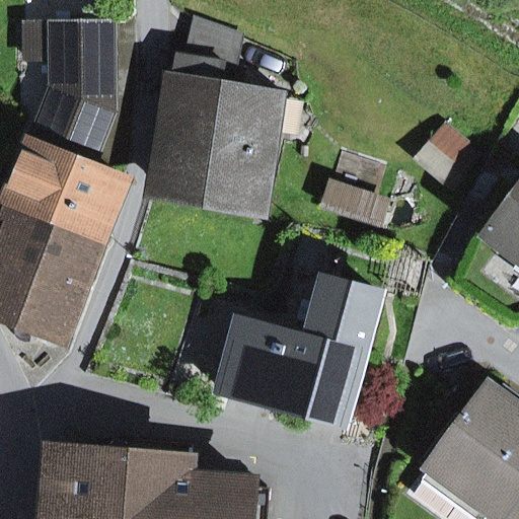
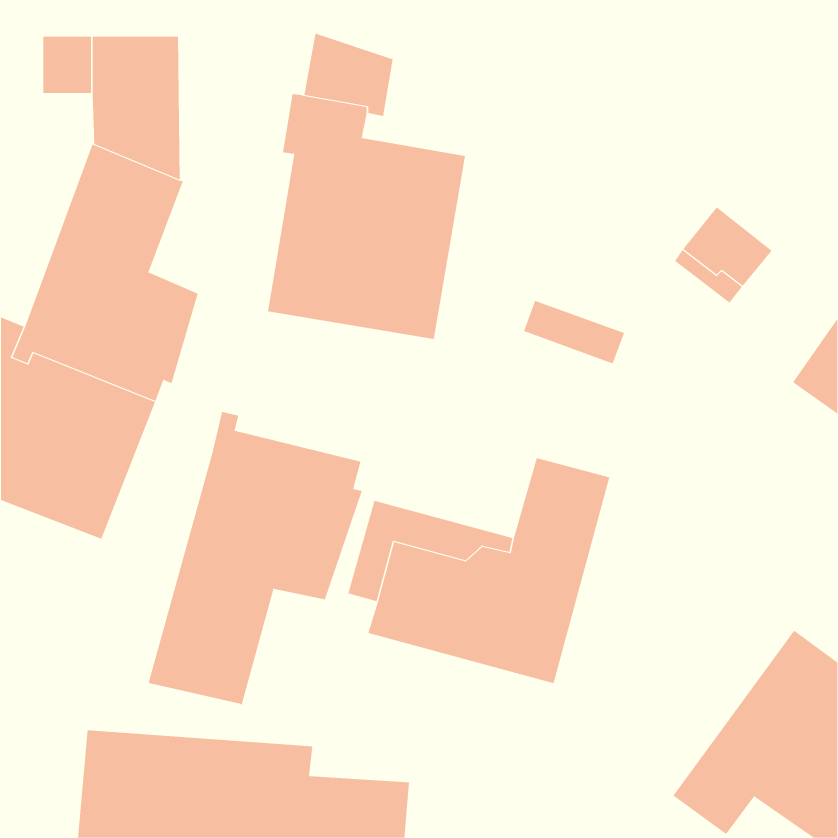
building: none -> [148,411,362,706]

